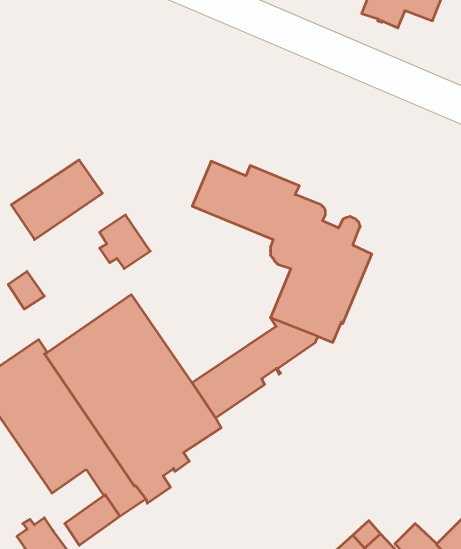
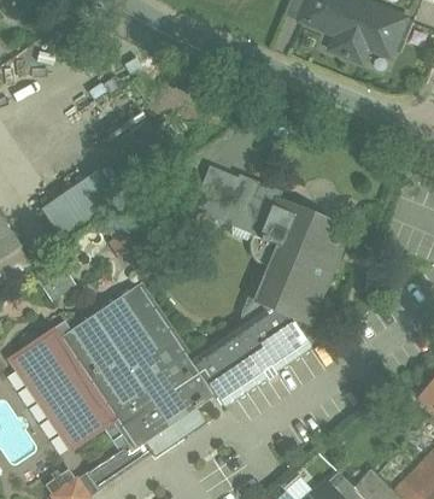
building: none -> [209,323,307,405]

